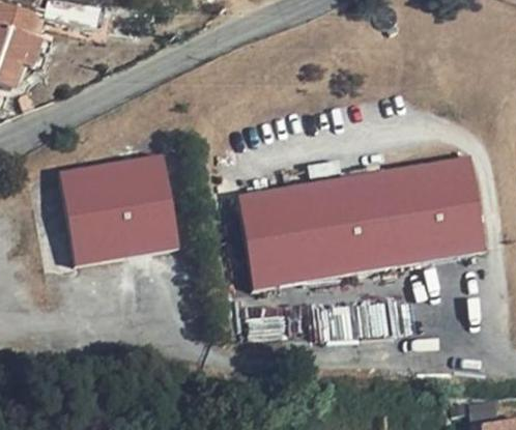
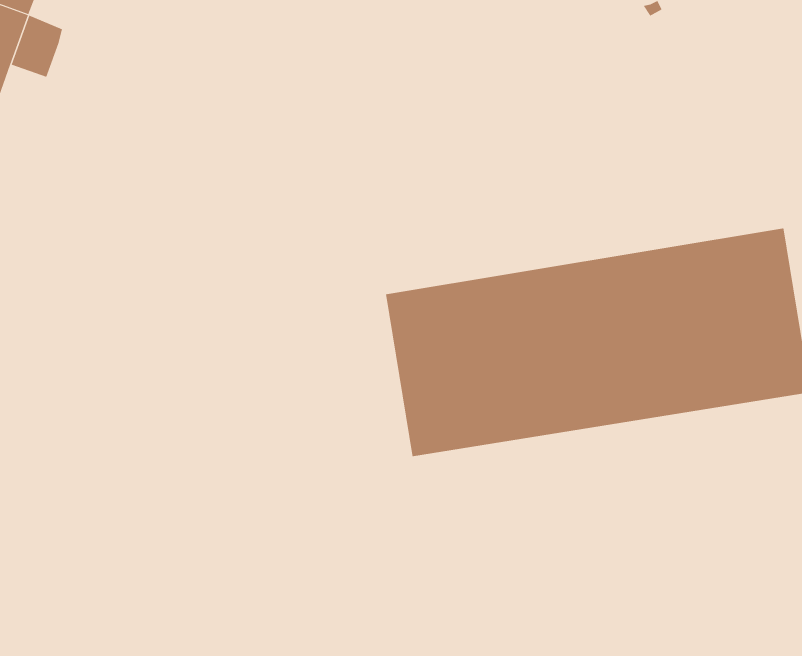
building: [60,152,178,265] -> none

